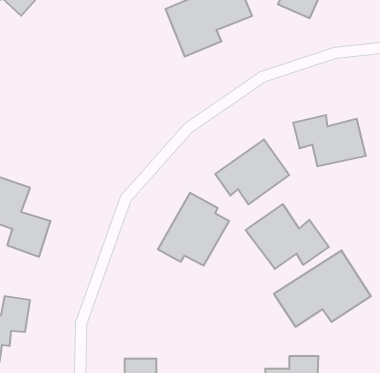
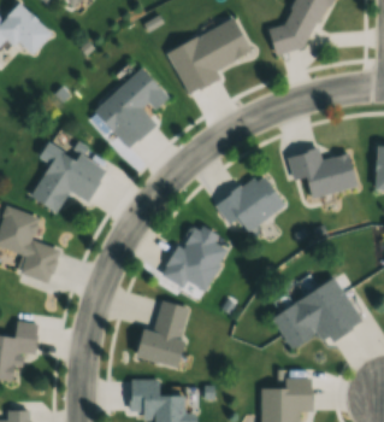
building: none -> [94,66,169,148]
building: none -> [30,150,106,212]
building: [246,204,329,269] -> none
building: none -> [134,300,191,368]

